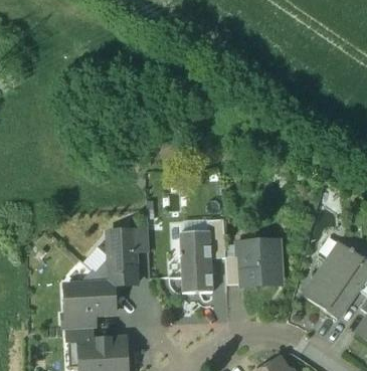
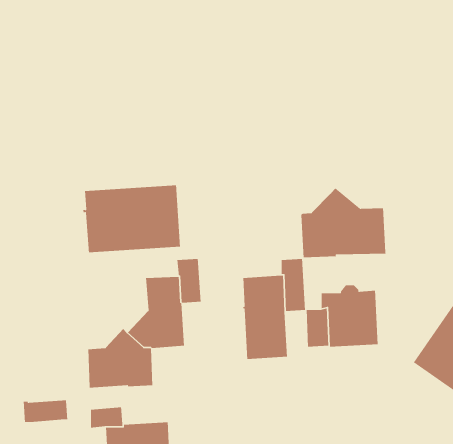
building: none -> [82,184,181,253]
building: none -> [301,188,386,258]
building: [62,313,96,330] -> [23,399,68,423]

